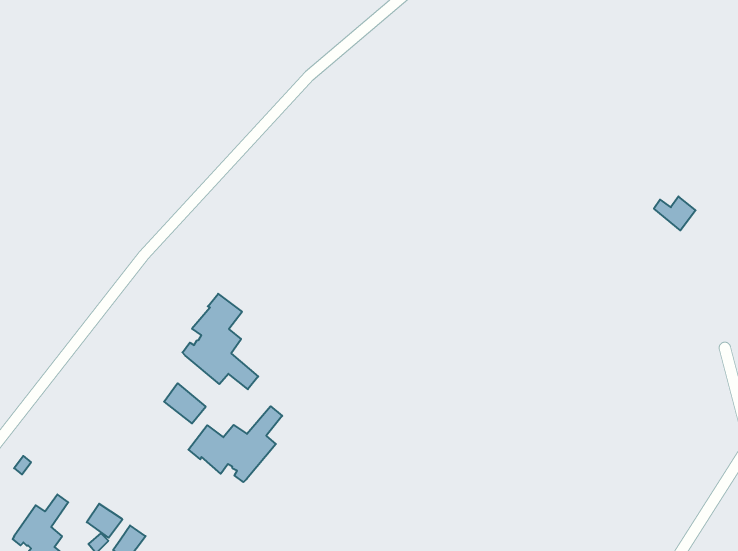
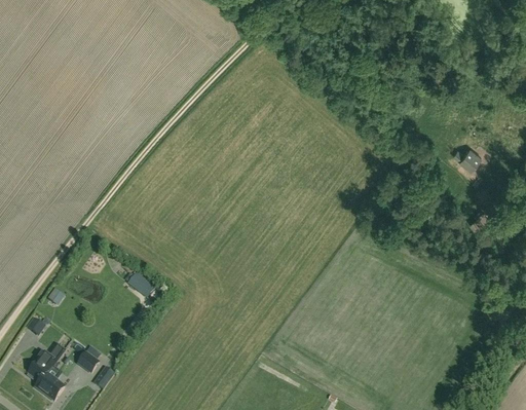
building: [182,294,258,389] -> none
building: [188,406,282,482] -> none

